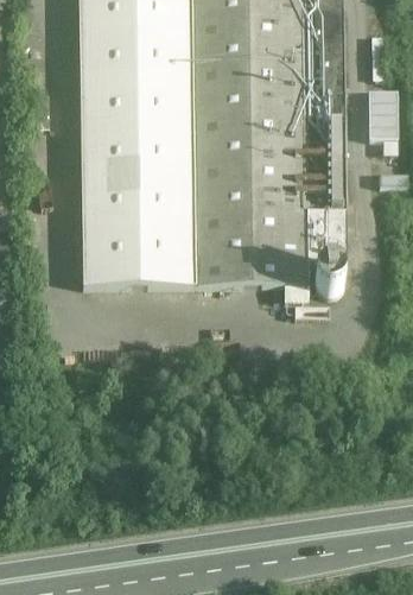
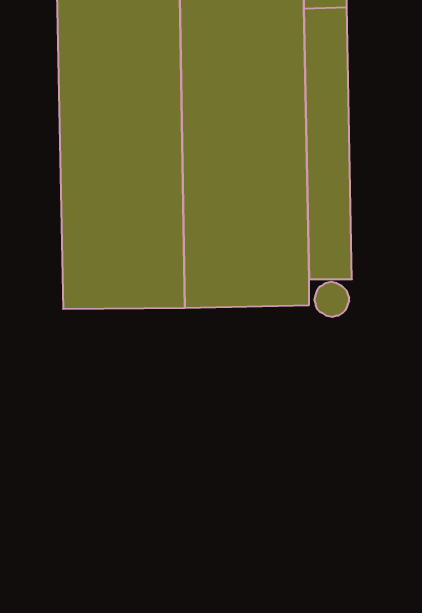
building: [371,93,406,140] -> none

